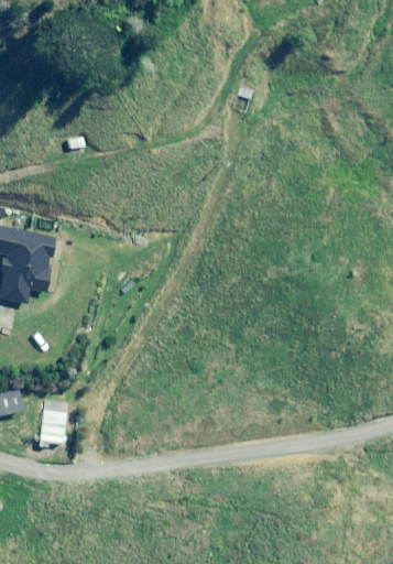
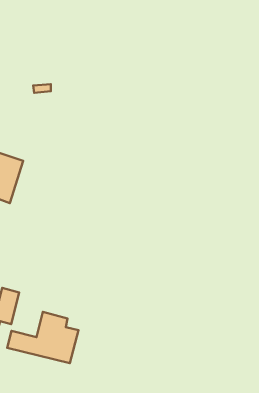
building: none -> [7,312,78,363]

